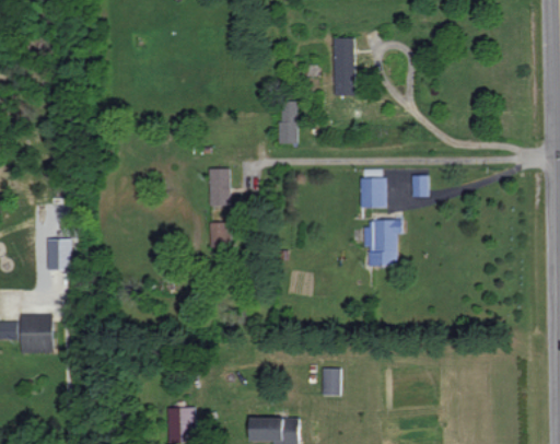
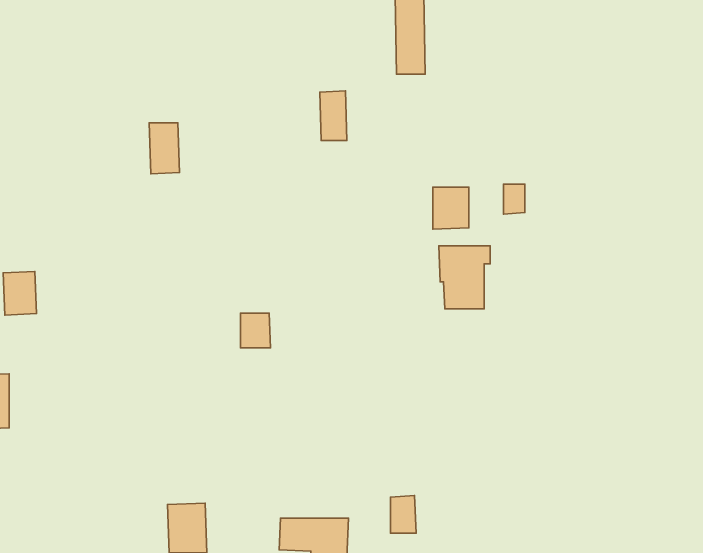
building: [208,168,230,206] -> [149,123,179,174]
building: [209,222,231,247] -> [240,313,271,348]
building: [322,367,340,395] -> [391,496,416,533]

